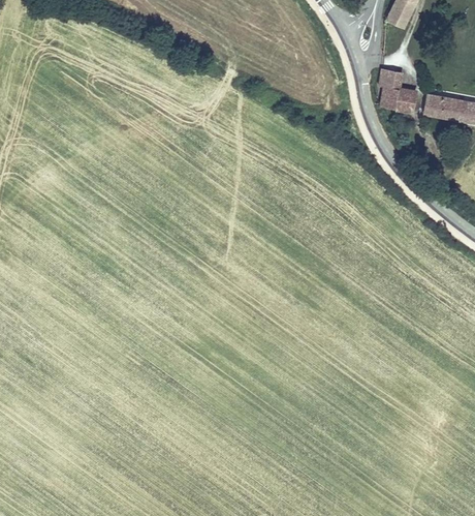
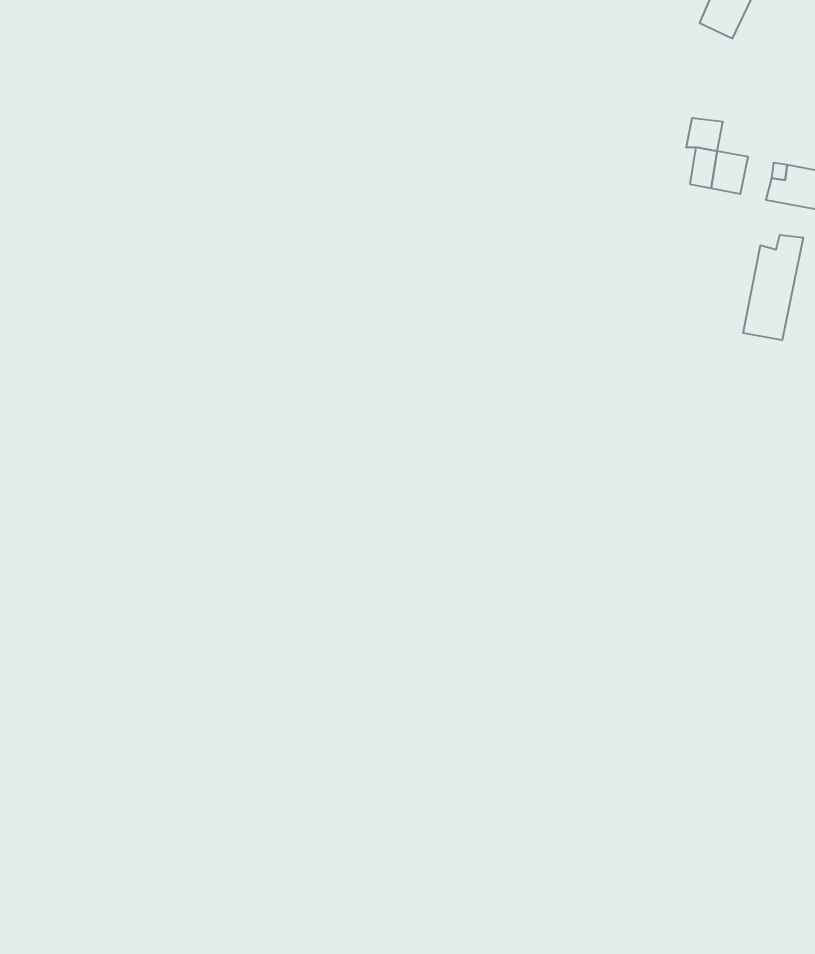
building: none -> [743,235,803,340]

